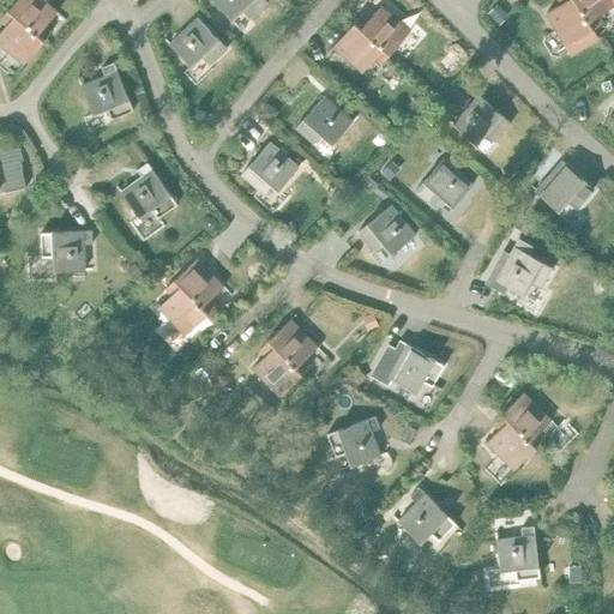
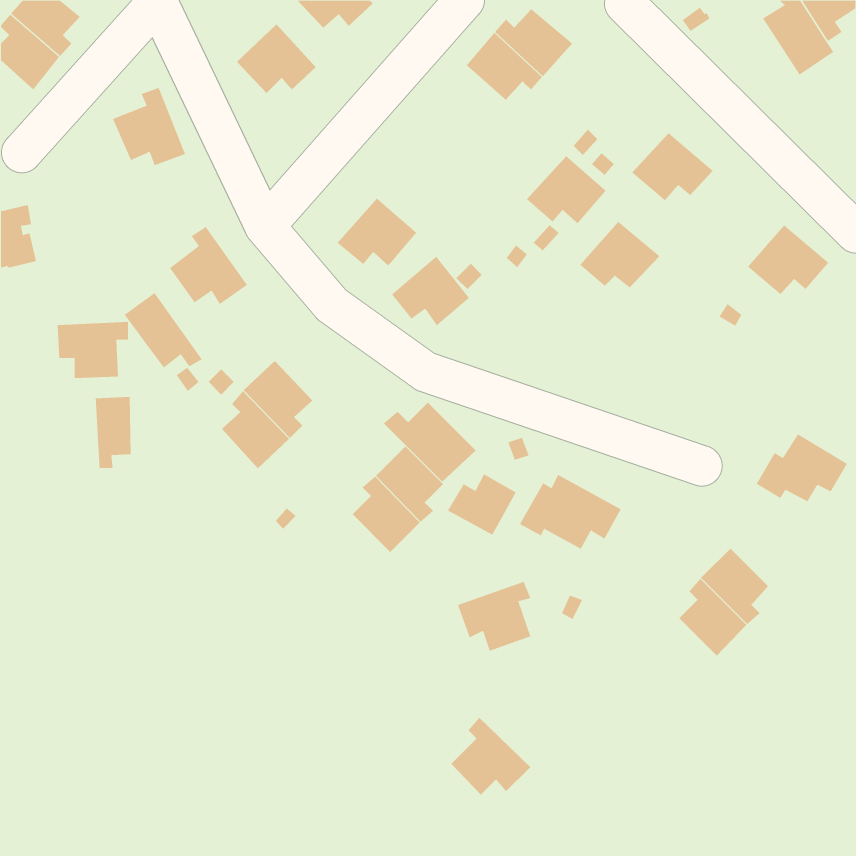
building: [295,96,353,145] -> [526,156,606,224]
building: [359,204,415,254] -> [391,256,470,326]
building: none -> [124,292,203,368]
building: [486,246,552,295] -> [756,434,848,502]
building: none -> [95,396,131,469]
building: none -> [383,402,476,482]
building: none -> [447,474,516,535]
building: [398,487,456,543] -> [451,717,531,796]
building: [496,526,540,579] -> none

